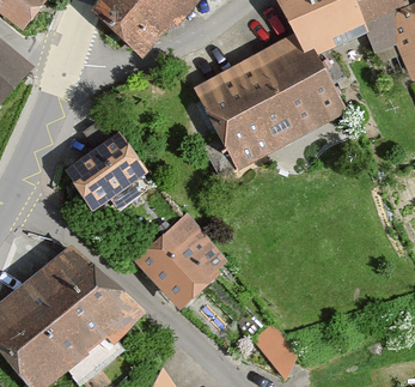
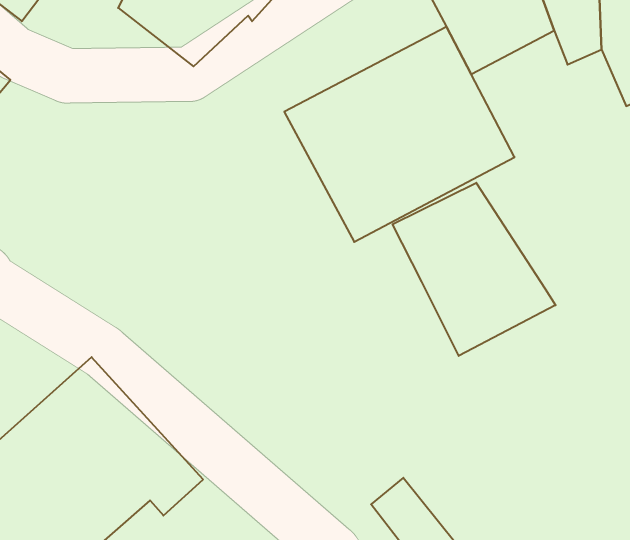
building: [67,131,148,207] -> none
building: none -> [393,183,556,356]
building: [136,212,233,309] -> none

